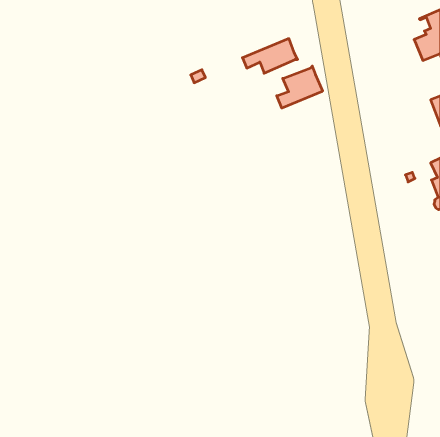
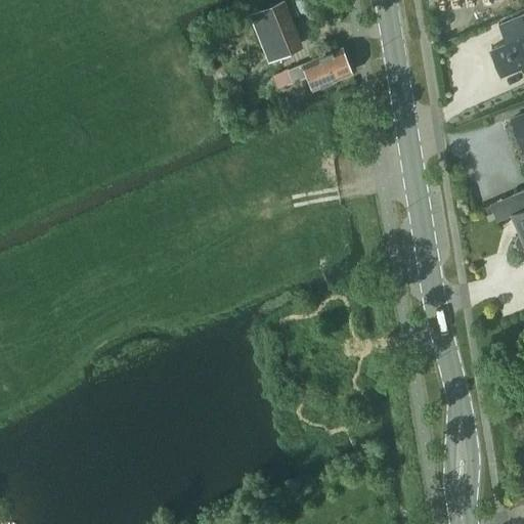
building: none -> [258,8,296,54]
building: [277,66,323,108] -> none

